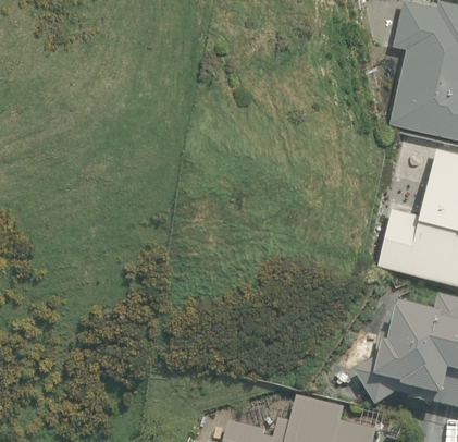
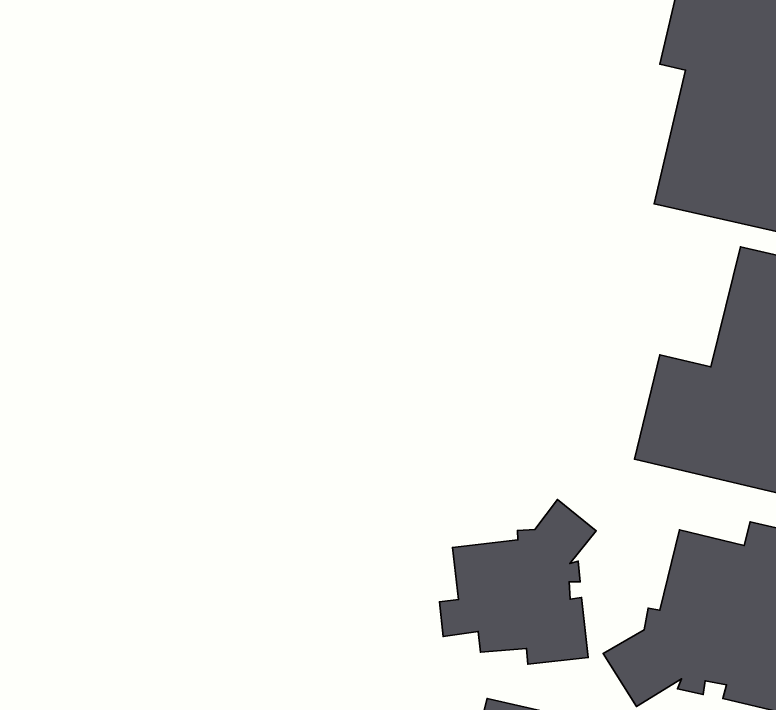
building: none -> [439,500,596,664]

